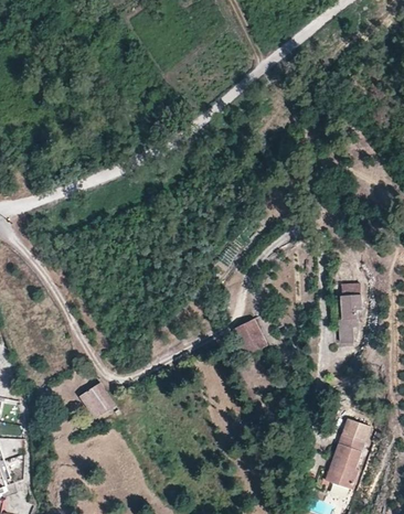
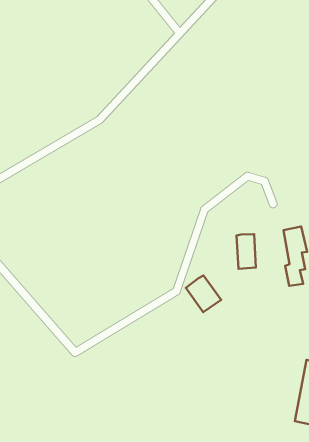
building: none -> [237,234,256,269]
building: [82,383,115,417] -> none

